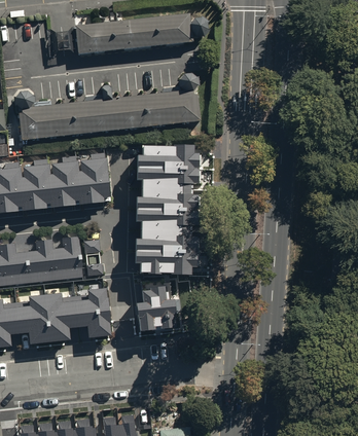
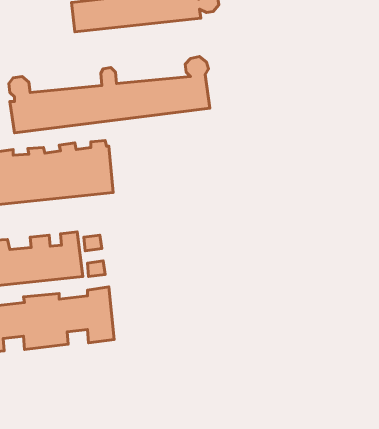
building: [134,144,200,275] -> none
building: [137,288,178,332] -> none

